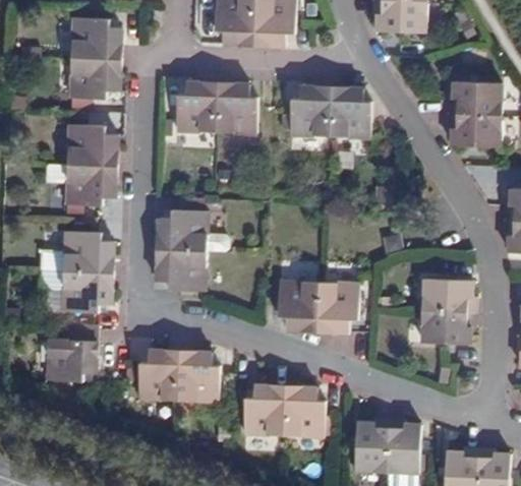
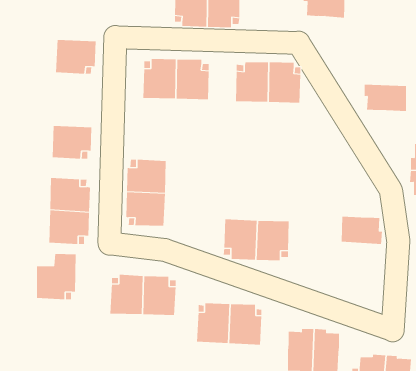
building: [71,20,121,62] -> none
building: [450,83,504,117] -> none
building: [66,125,116,168] -> none
building: [420,309,472,344] -> none

